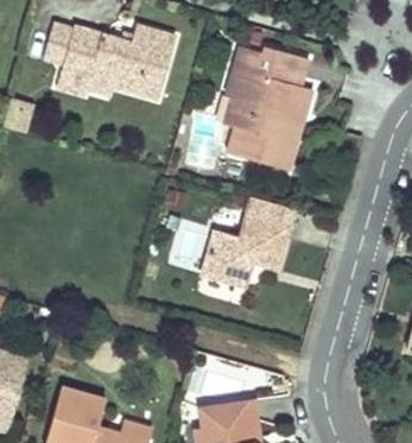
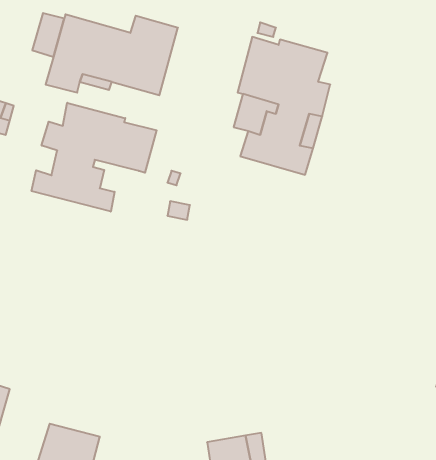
building: none -> [32,103,157,212]
building: [201,197,294,285] -> none

